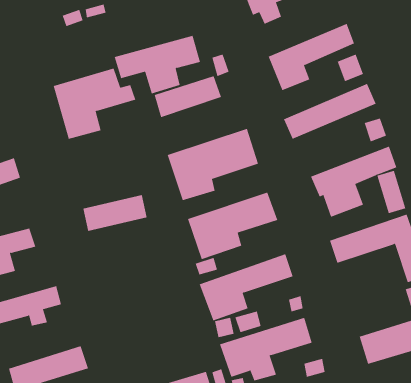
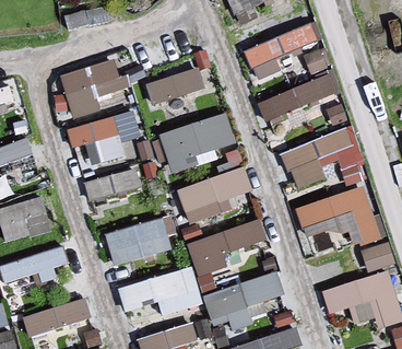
building: [114,35,201,94] -> [66,112,140,162]
building: none -> [105,218,170,264]
building: none -> [119,267,202,318]

